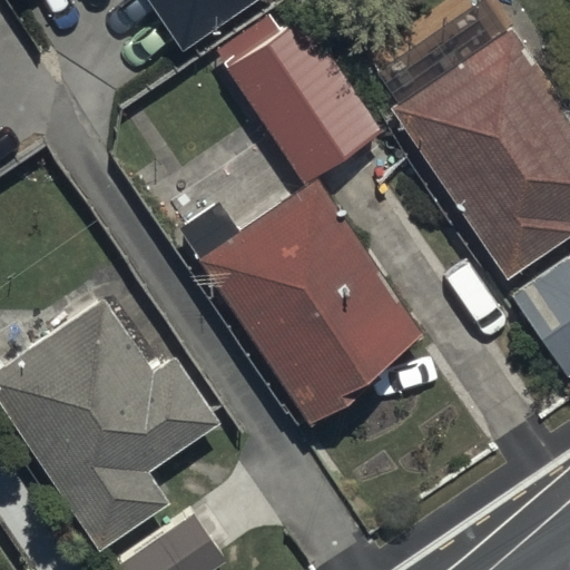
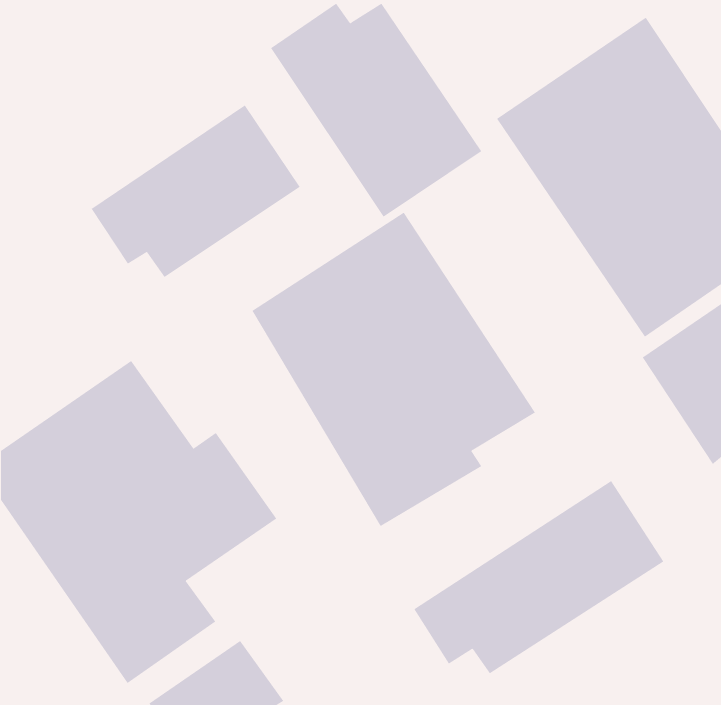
building: none -> [91,104,301,278]
building: none -> [413,480,664,674]

